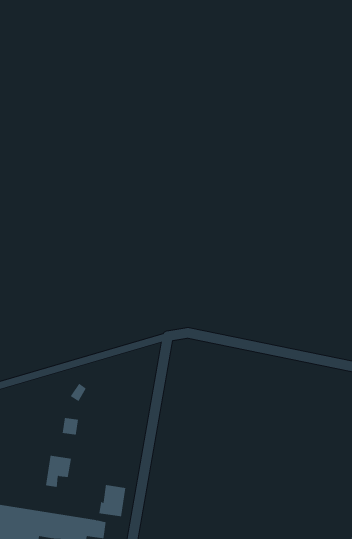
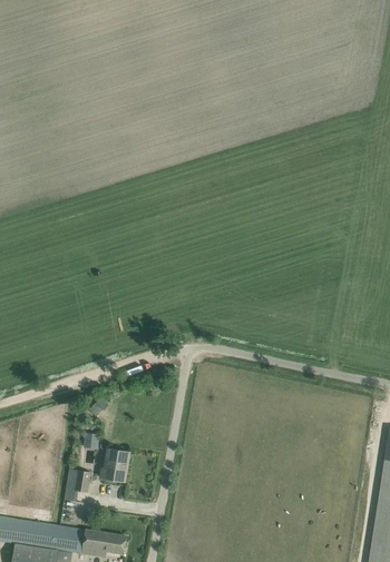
building: [98,485,126,517] -> [101,450,129,482]

